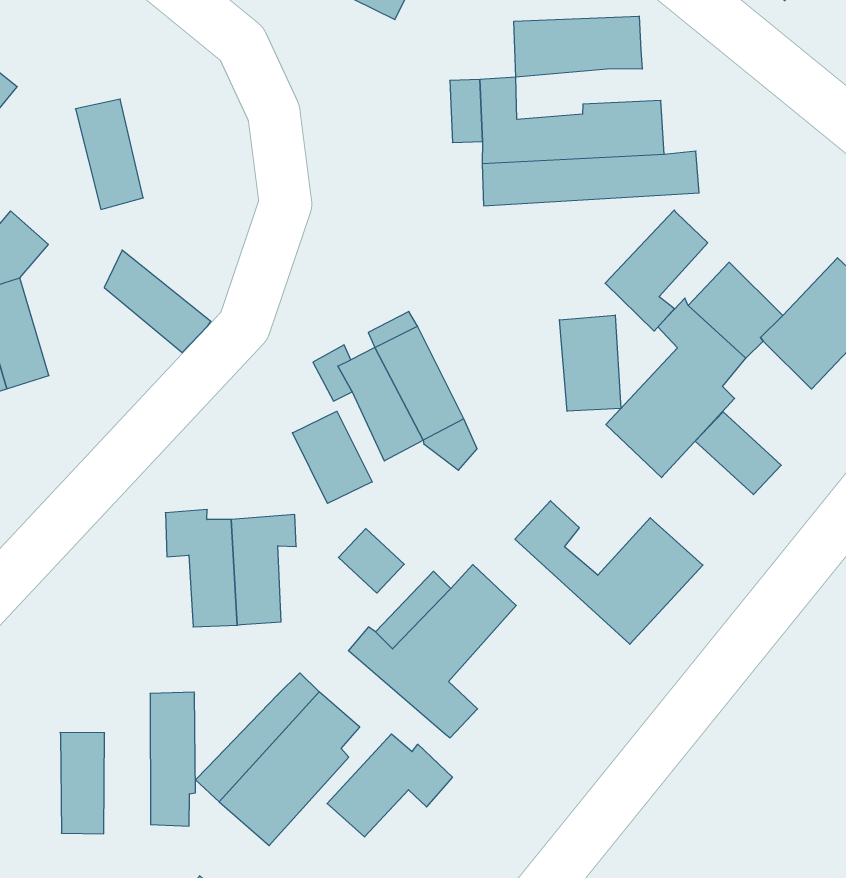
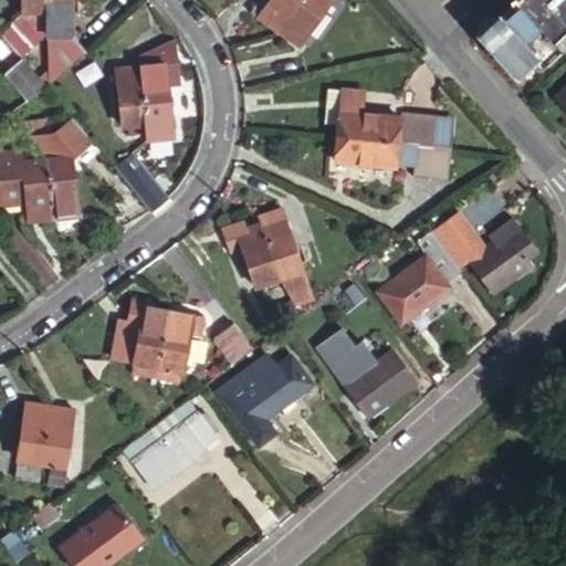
building: [514,16,642,77] -> none
building: none -> [142,39,179,124]
building: [605,210,708,331] -> none
building: [559,315,621,411] -> none
building: [292,411,372,503] -> none
building: [695,412,781,495] -> none
building: [150,692,195,826] -> [13,406,50,482]
building: [327,734,452,837] -> none

